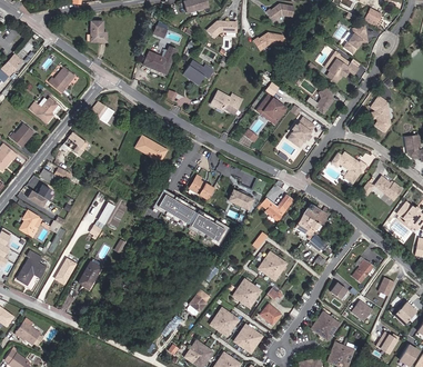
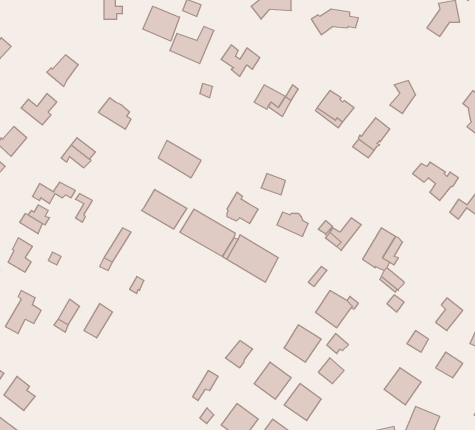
building: none -> [143,6,180,41]
building: [325,50,360,81] -> none
building: none -> [141,189,187,229]

